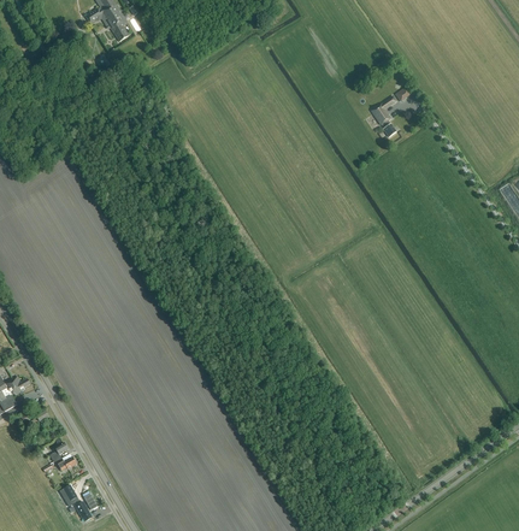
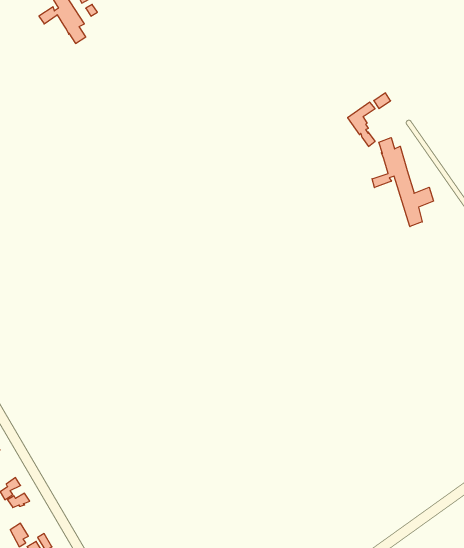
building: none -> [372,138,434,227]

